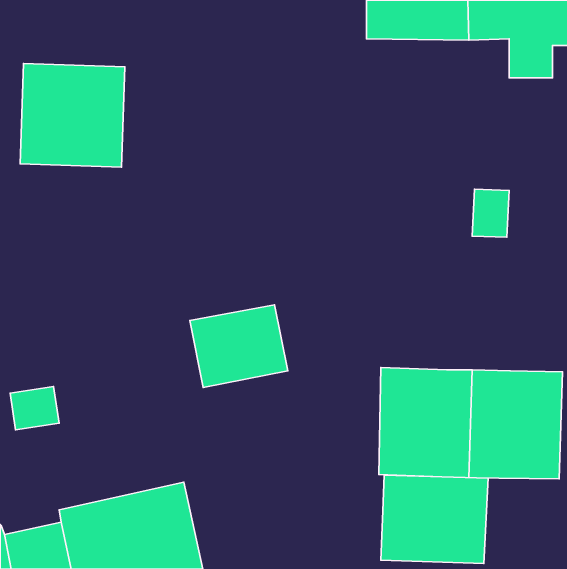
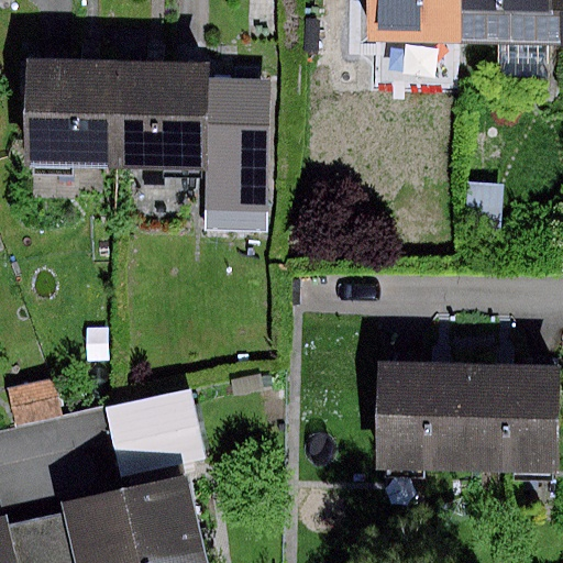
building: none -> [122,66,273,211]
building: [190,305,288,387] -> [108,397,205,478]
building: [381,475,488,563] -> none

